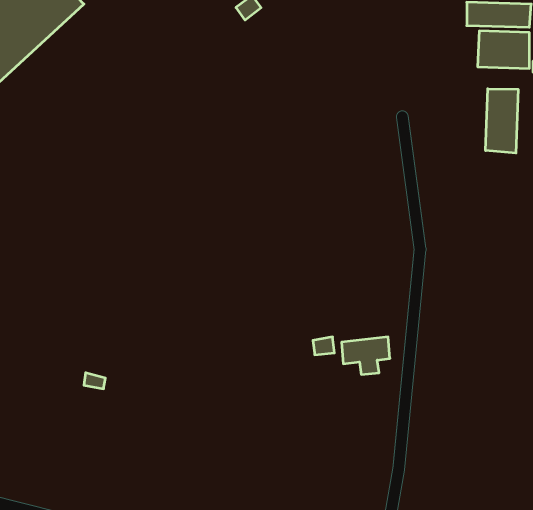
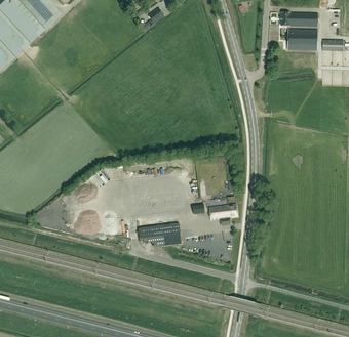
building: [486,89,518,153] -> none
building: none -> [138,223,181,246]

